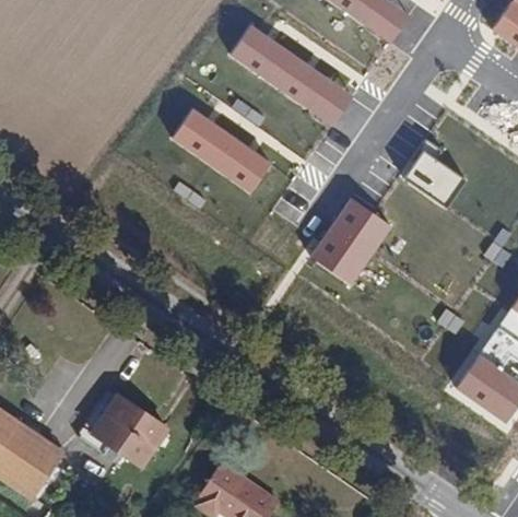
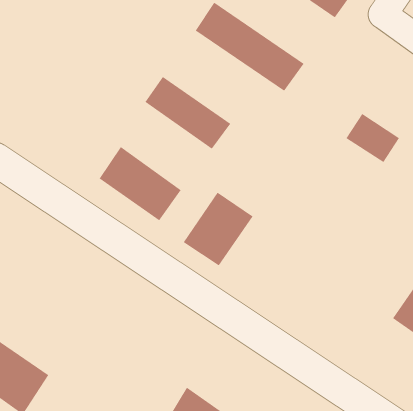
building: none -> [99,146,181,221]
building: [311,198,392,283] -> [183,192,254,266]
building: [92,395,167,467] -> none

